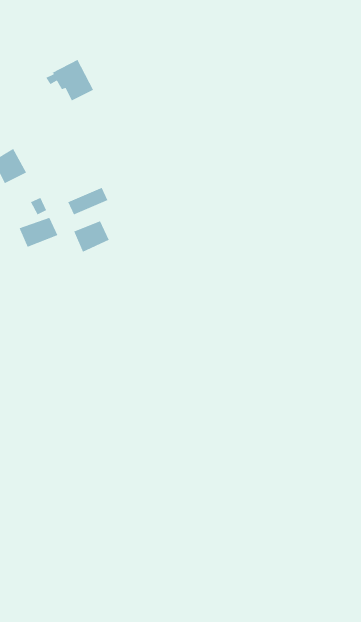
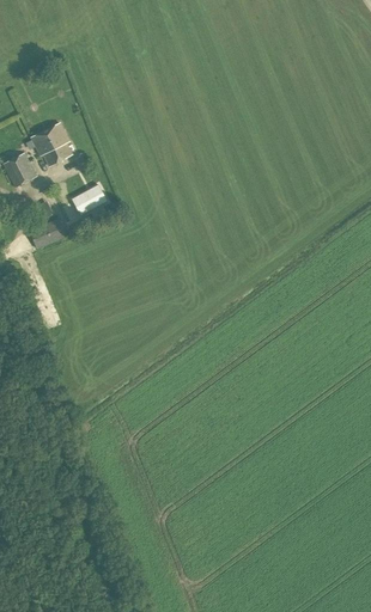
building: [45,59,94,101] -> [25,123,72,164]
building: [73,220,110,253] -> none

